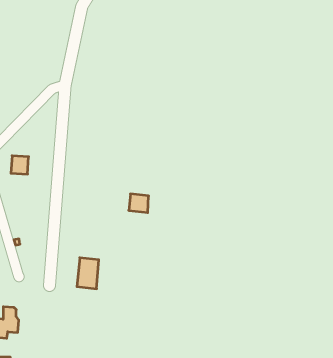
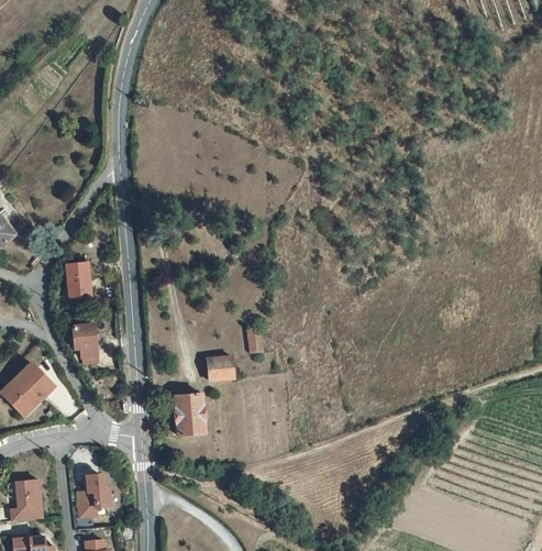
building: [129,194,149,213] -> [207,355,233,378]
building: none -> [70,322,97,370]

